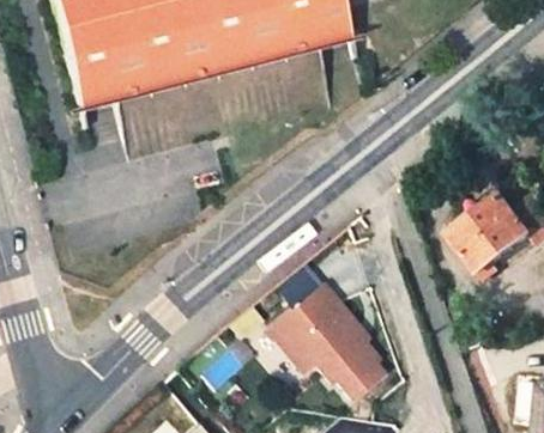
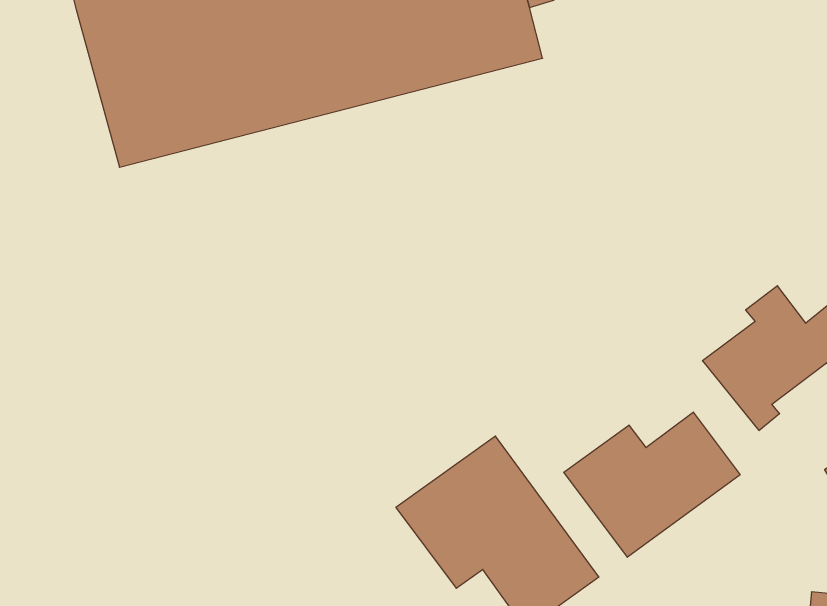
building: none -> [564,412,740,557]

